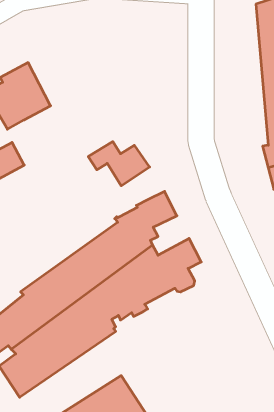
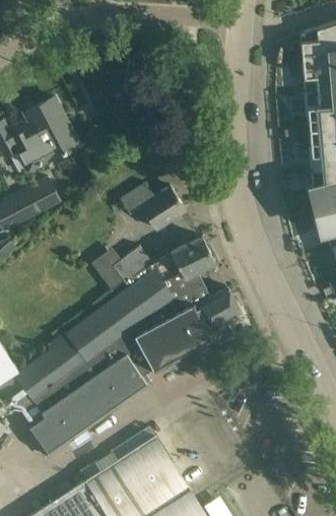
building: none -> [99,247,150,289]

